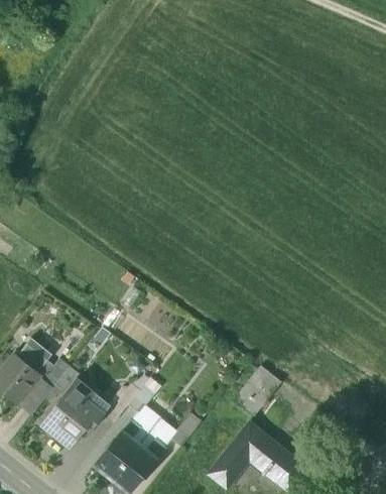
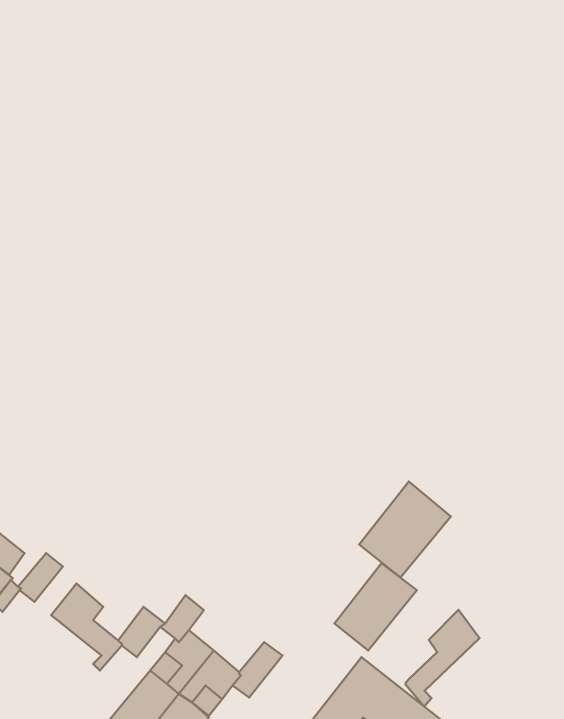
building: none -> [359,482,451,578]
building: none -> [406,610,480,707]
building: [41,397,93,446] -> none

